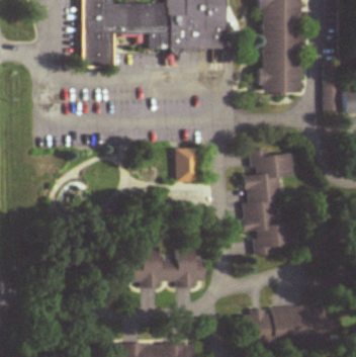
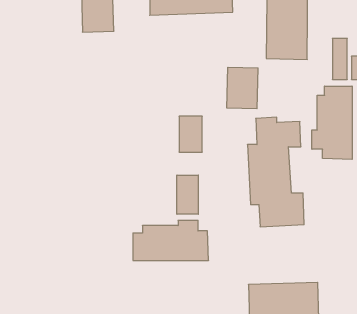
building: none -> [227,67,258,109]
building: none -> [312,86,352,159]
building: none -> [177,175,198,214]

